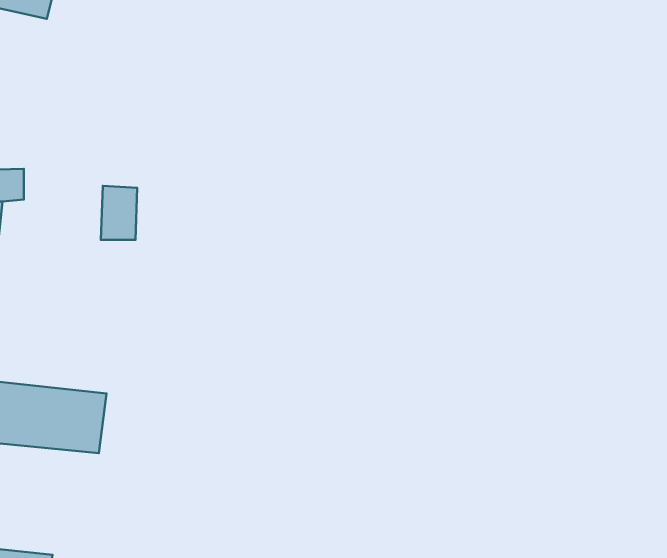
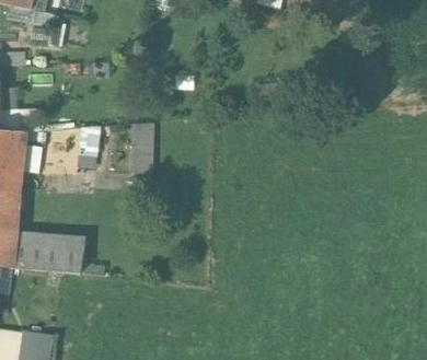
building: none -> [132,120,157,172]

